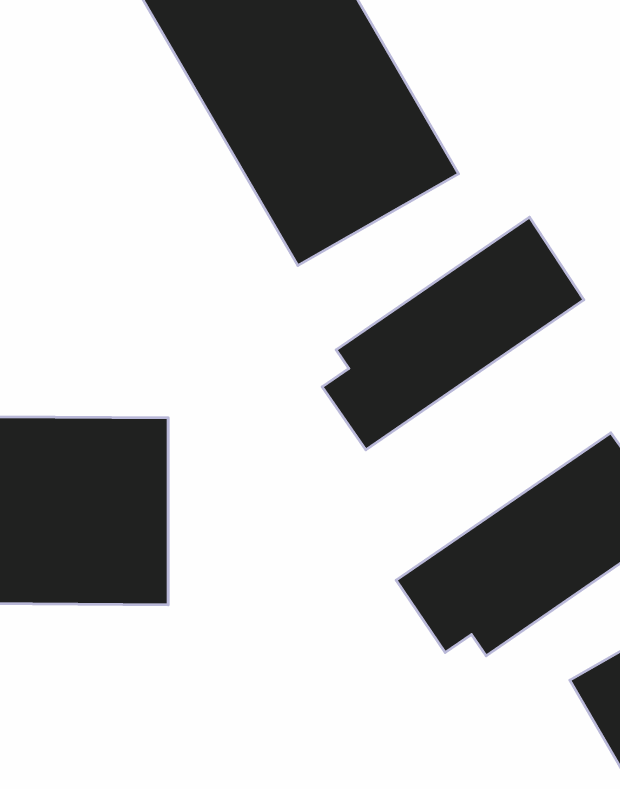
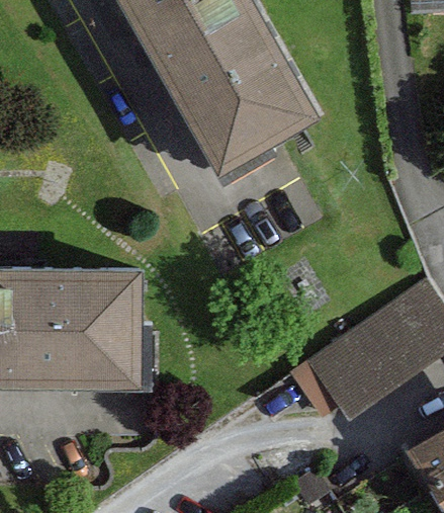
building: [322,217,584,450] -> none

